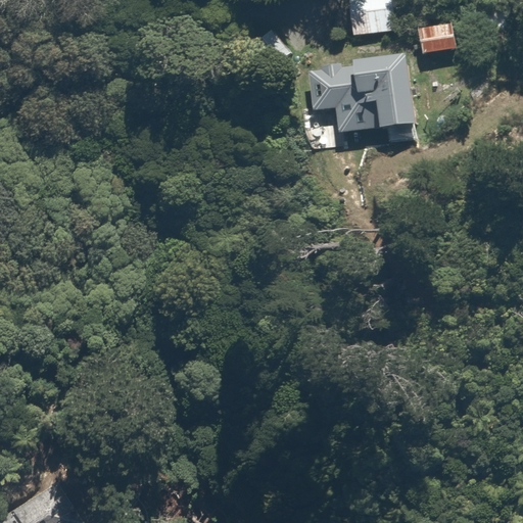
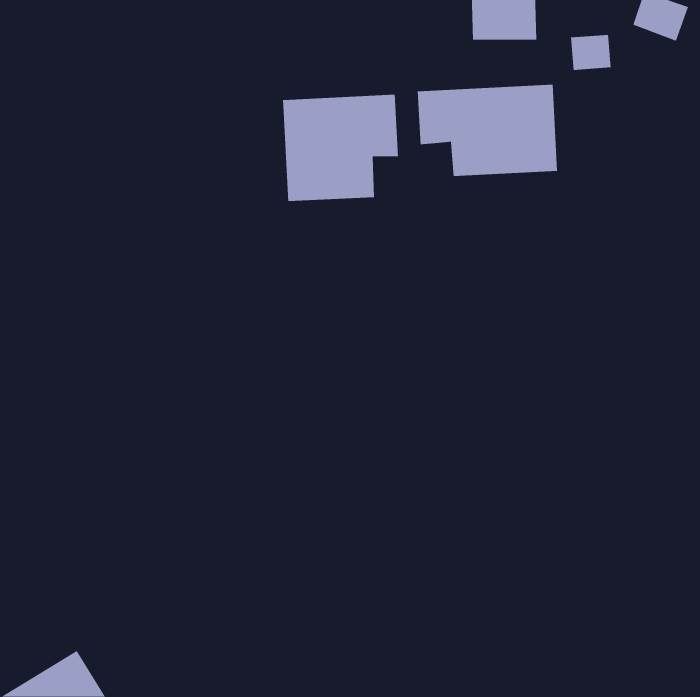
building: none -> [283,94,398,202]

